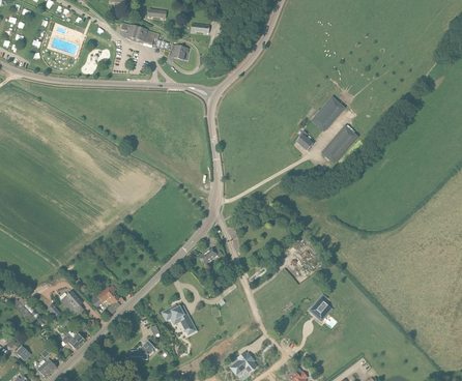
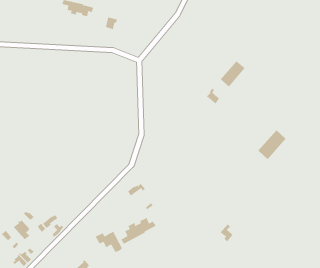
building: [322,125,357,163] -> [258,129,287,160]
building: none -> [120,217,156,244]

